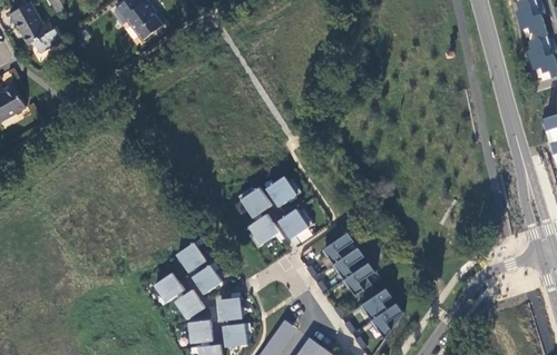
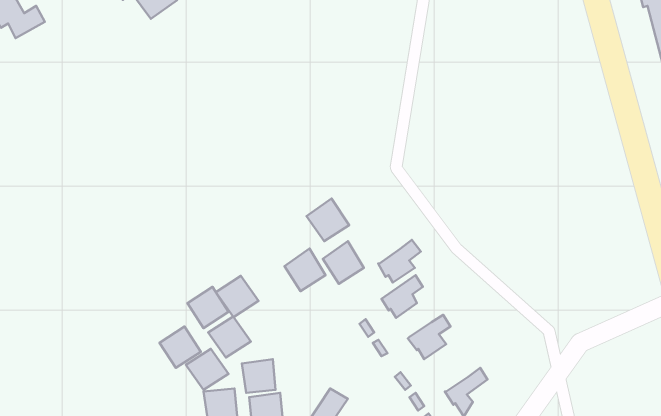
building: [238,186,271,217] -> [216,276,259,317]
building: [331,247,363,279] -> [378,240,421,283]
building: [359,288,391,321] -> none

